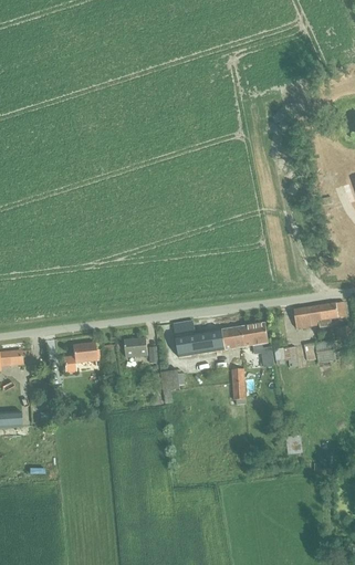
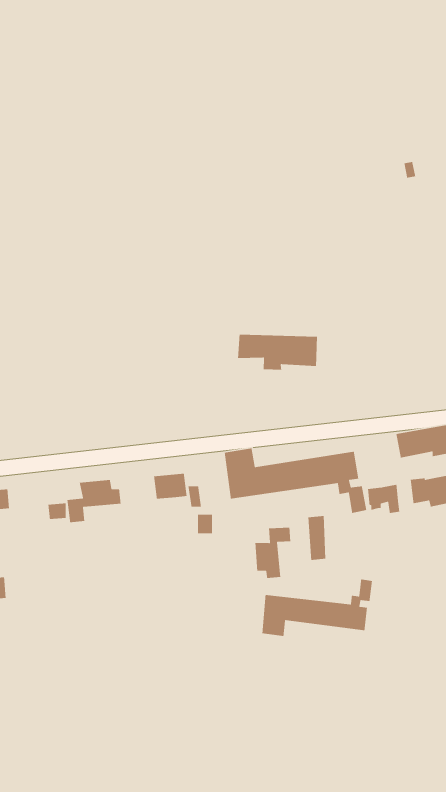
building: none -> [237,334,318,370]
building: none -> [254,527,291,579]
building: none -> [261,578,373,637]

